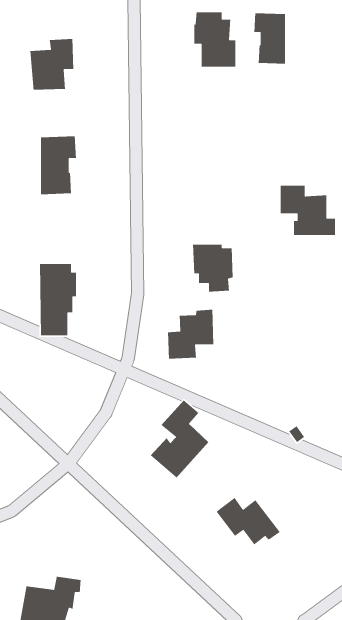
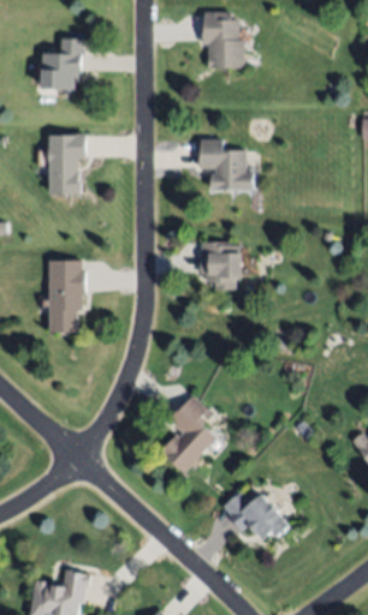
building: [253,13,286,65] -> none
building: [280,185,336,236] -> [198,139,254,190]
building: [167,309,214,359] -> none

